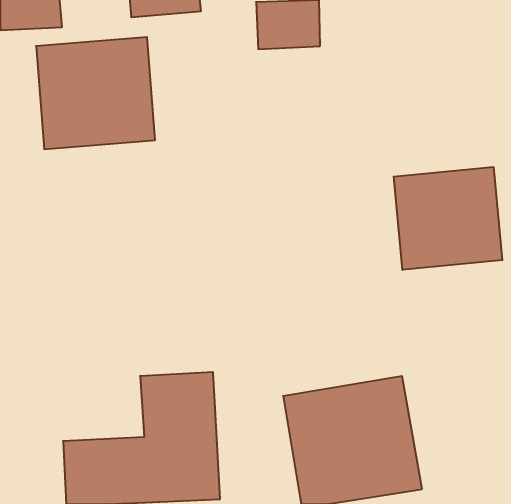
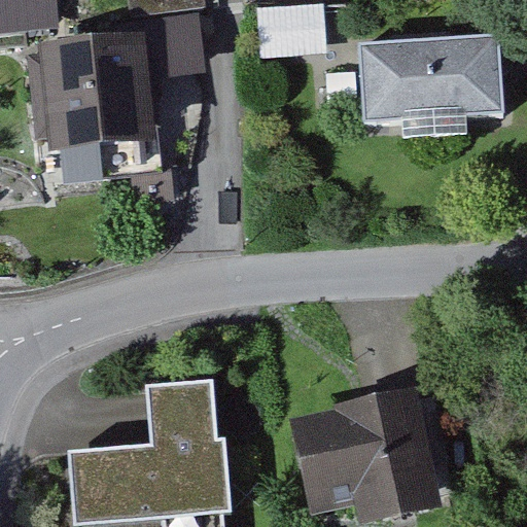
building: none -> [356,32,508,131]
building: [394,167,502,270] -> none

